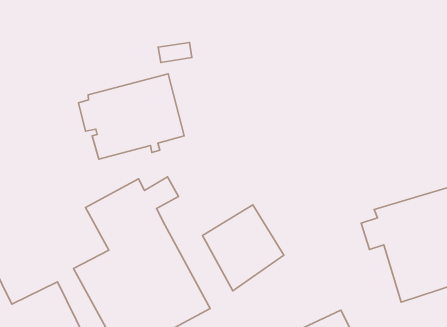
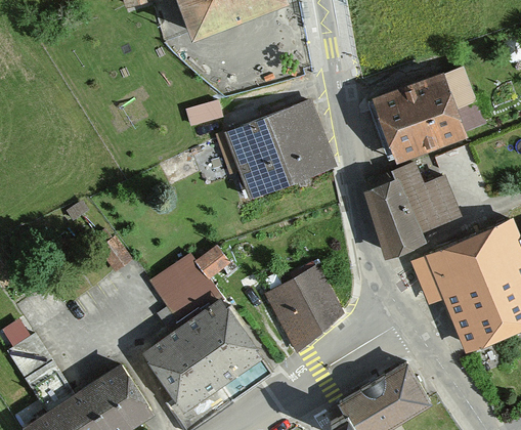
building: none -> [375,70,478,166]
building: [78,74,184,159] -> [221,103,334,199]
building: none -> [368,165,461,253]

